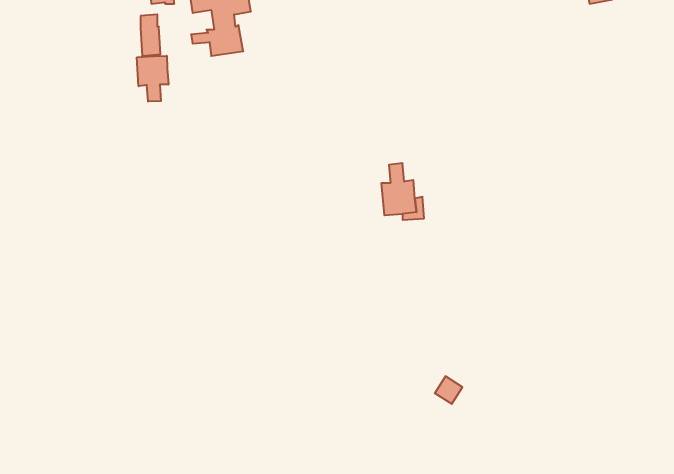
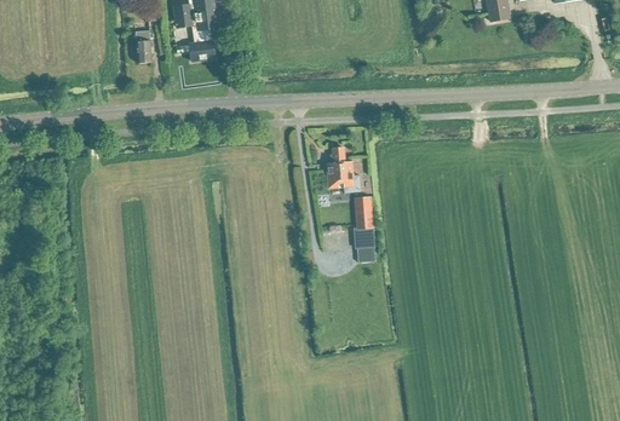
building: [137,56,168,102] -> none
building: none -> [352,195,374,247]

